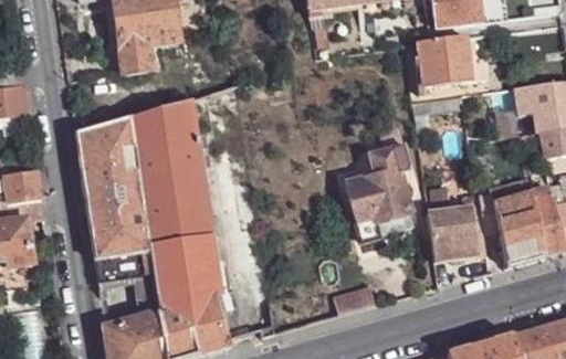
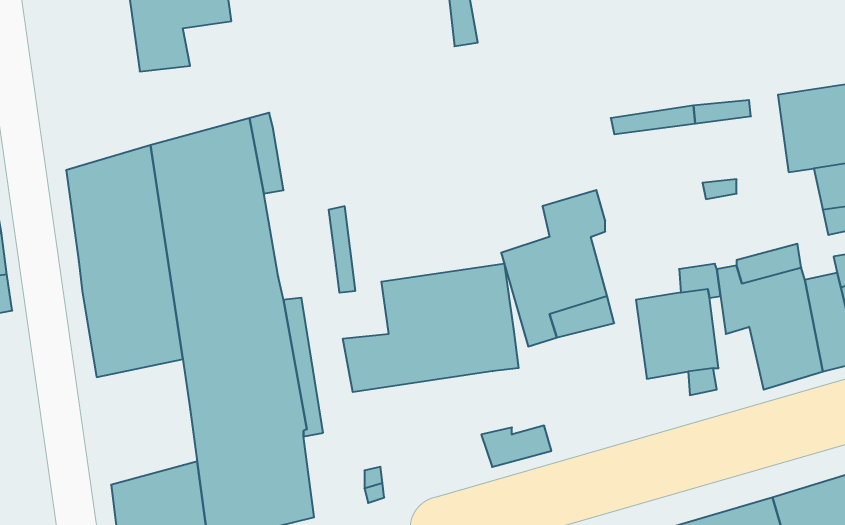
building: [419,34,490,85] -> none
building: none -> [343,264,519,392]
building: [95,249,157,326] -> none

